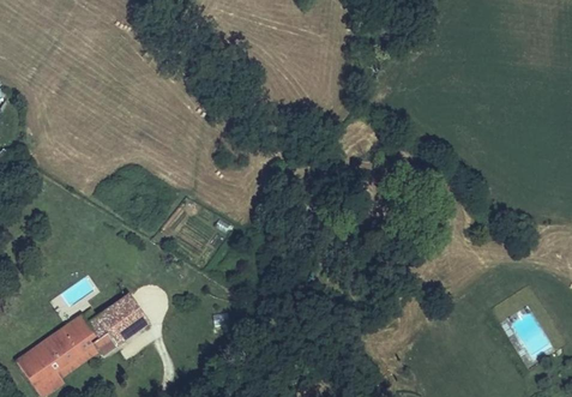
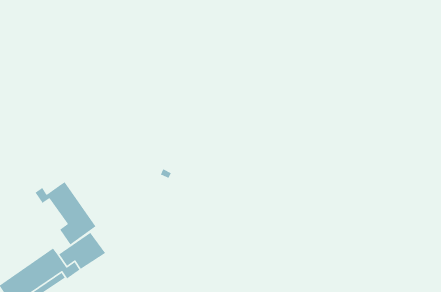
building: none -> [35,181,97,246]

